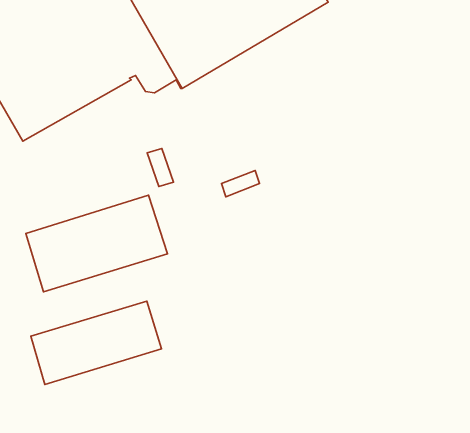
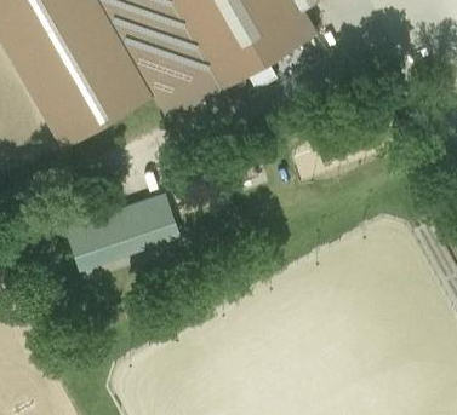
building: [31,301,162,385] -> none

